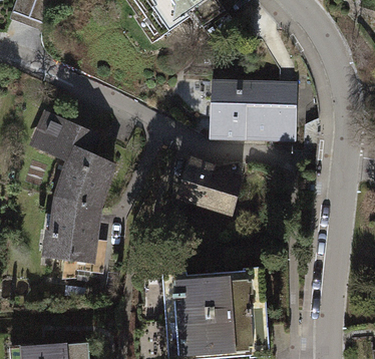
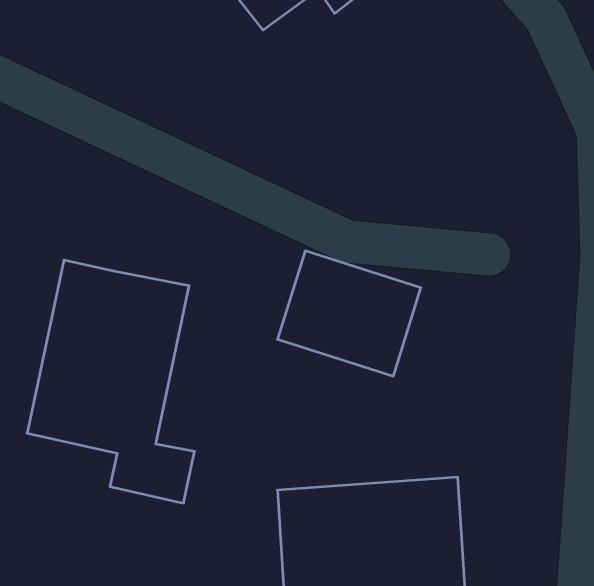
building: [209,71,298,140] -> none
building: [29,109,93,163] -> none

